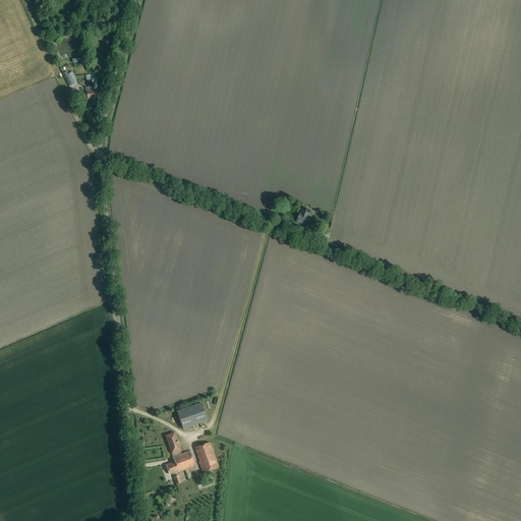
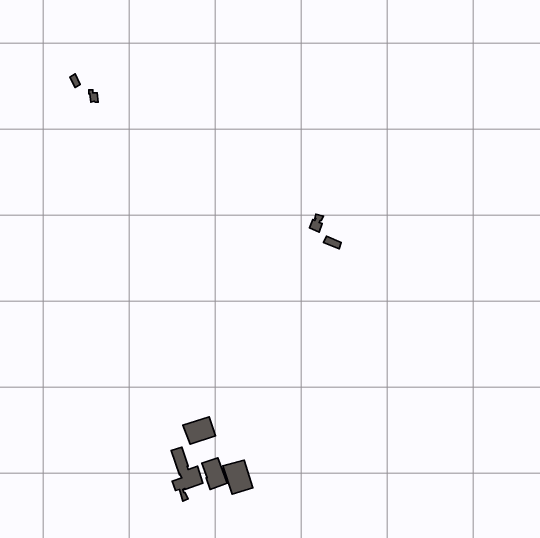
building: none -> [223,460,253,494]

